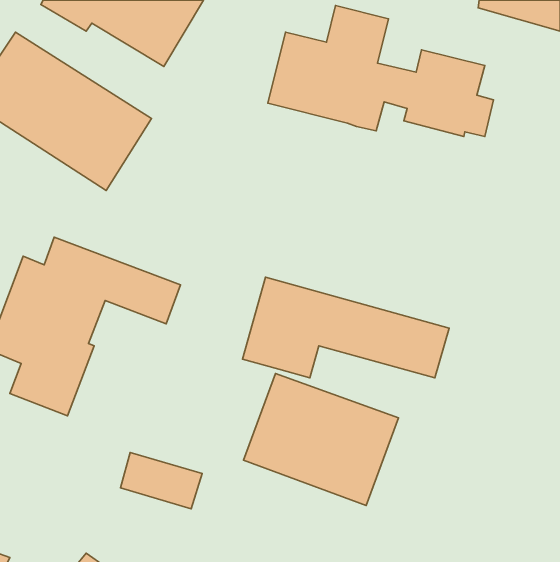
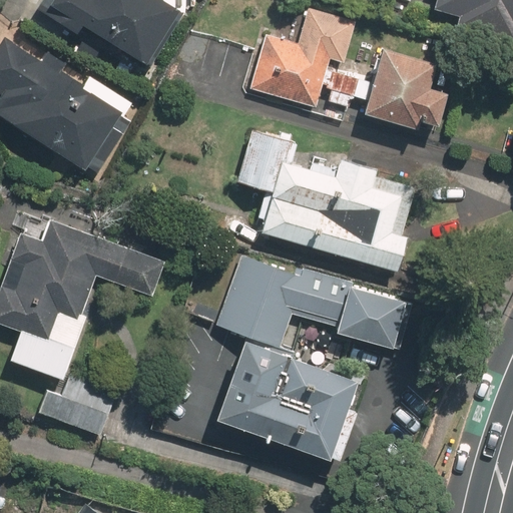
building: none -> [236,130,414,271]
building: [120,452,202,509] -> [27,380,101,431]

